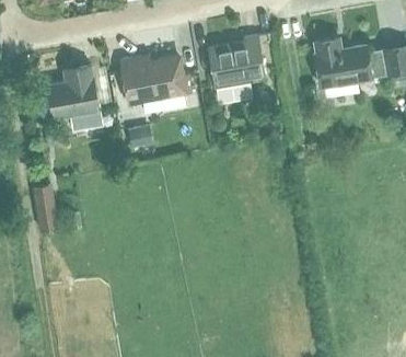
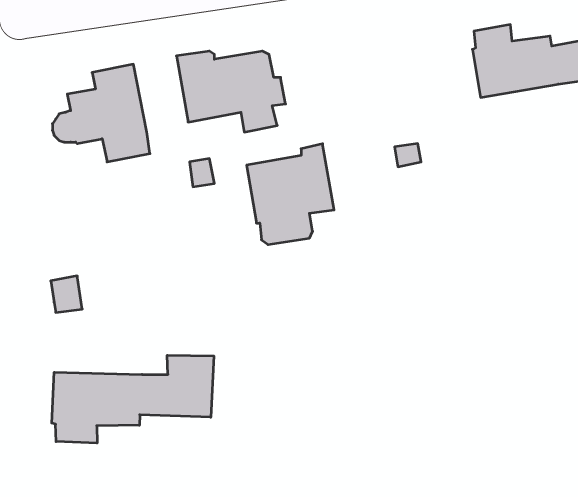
building: [208,34,266,101] -> [247,144,334,245]
building: none -> [52,355,214,443]

